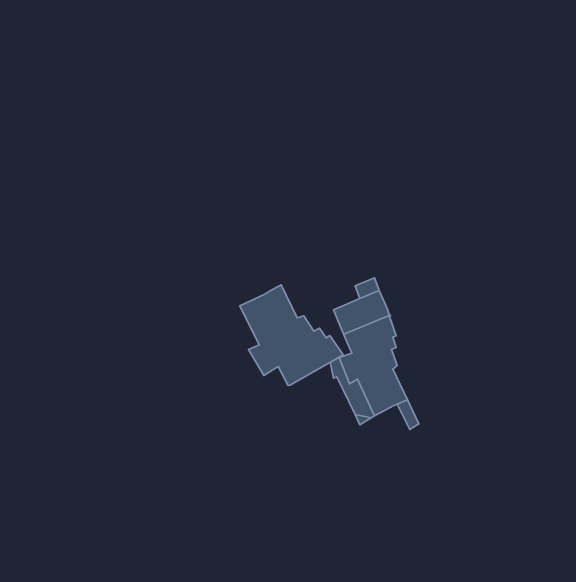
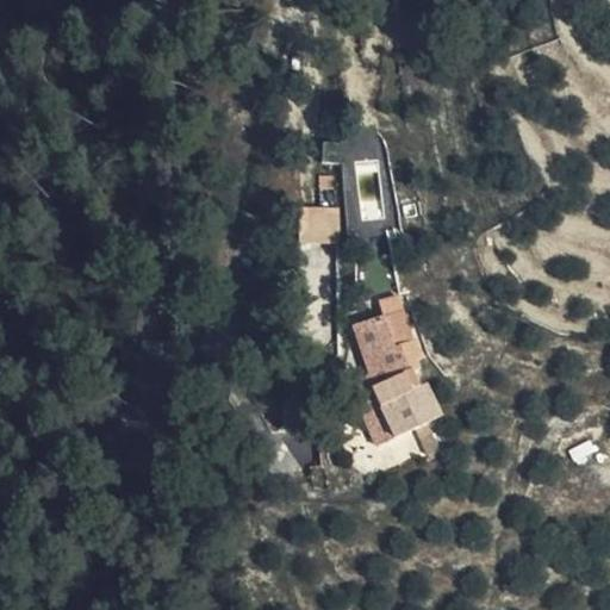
building: none -> [298,208,336,242]
building: [240,285,343,385] -> none

